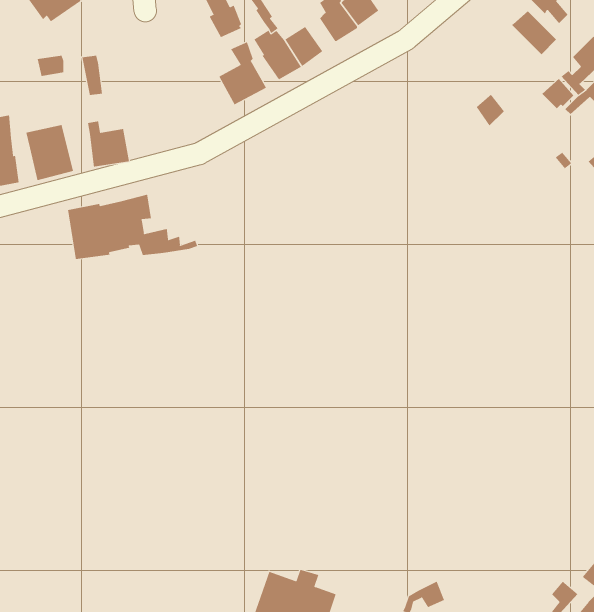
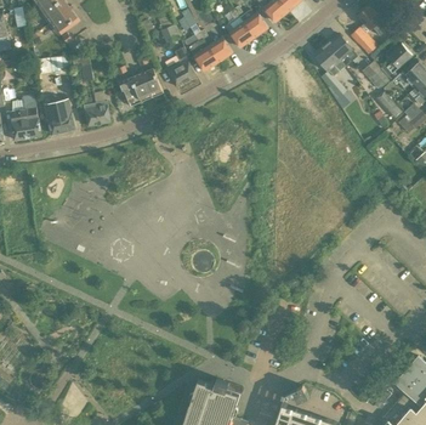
building: none -> [313,33,356,75]
building: none -> [117,68,163,107]
building: [67,194,198,260] -> none

